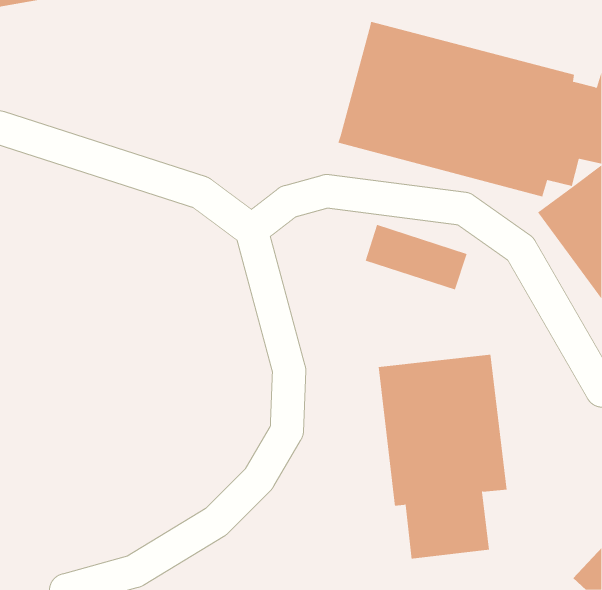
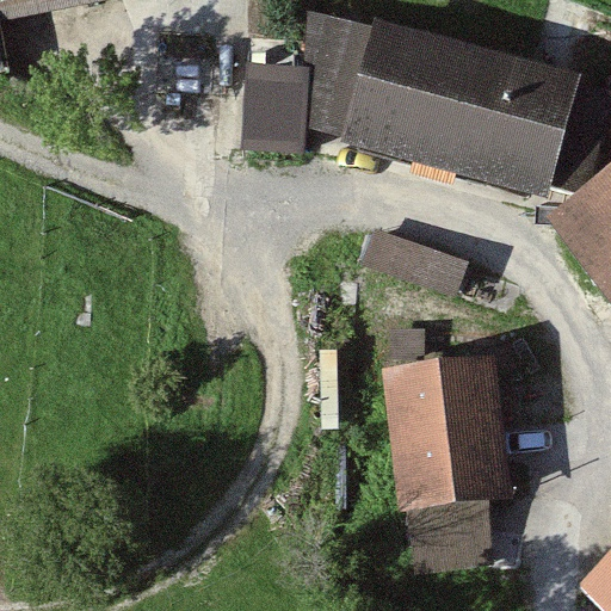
building: none -> [241,7,374,155]

